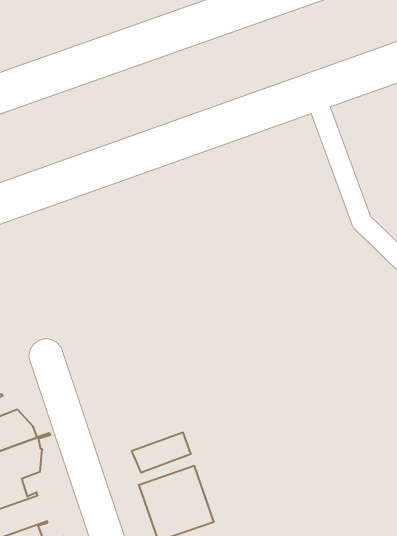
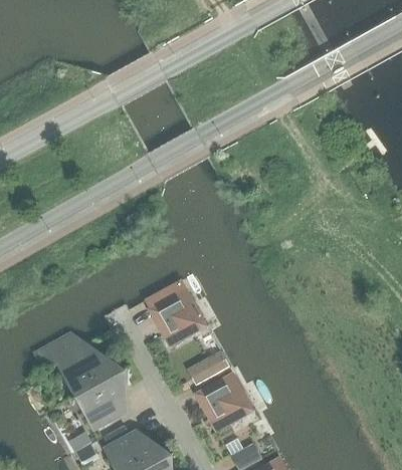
building: none -> [149,287,207,344]

